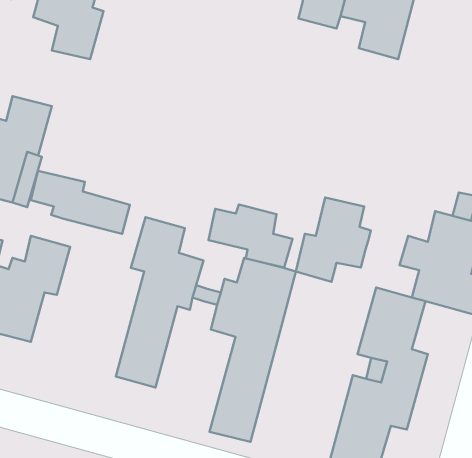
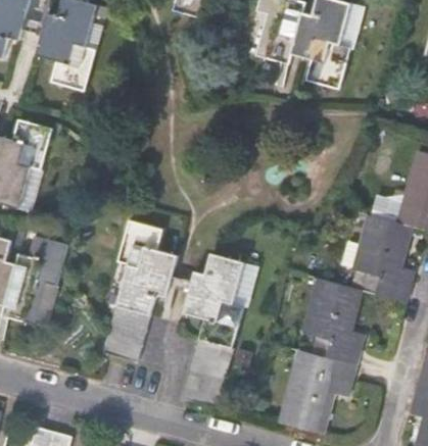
building: [31,171,130,234] -> none
building: [296,197,371,282] -> none
building: [209,204,292,267] -> none

